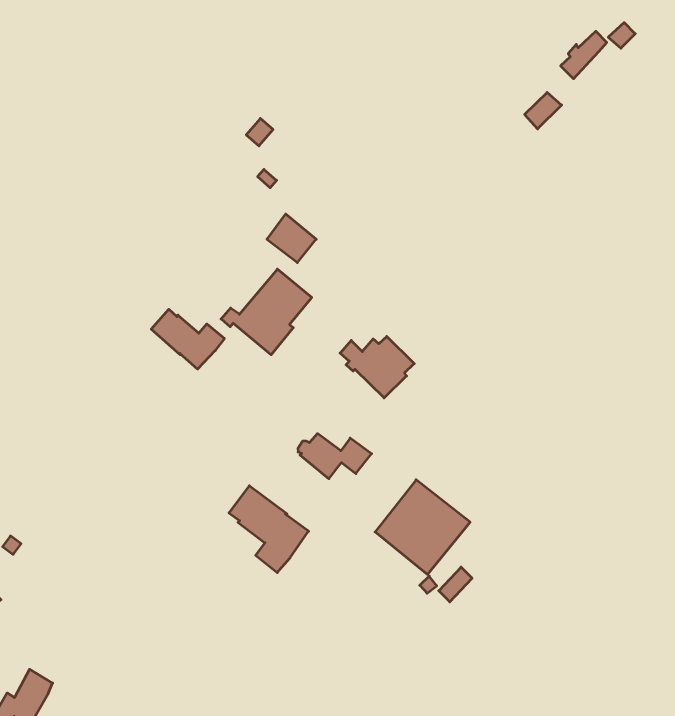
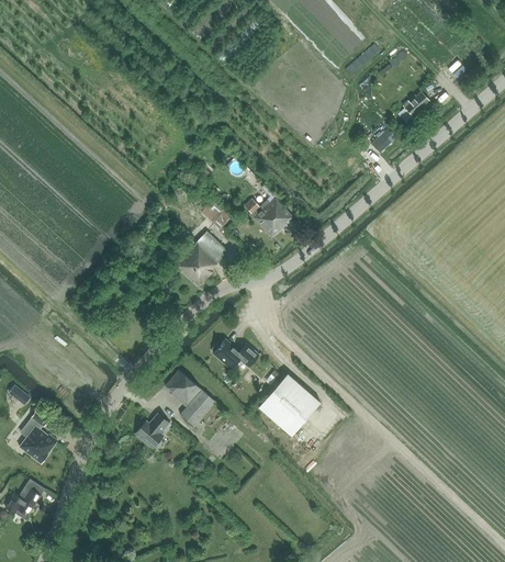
building: [151,309,224,369] -> none
building: [340,336,414,398] -> [245,198,292,237]
building: none -> [135,414,168,448]
building: none -> [20,411,57,463]

